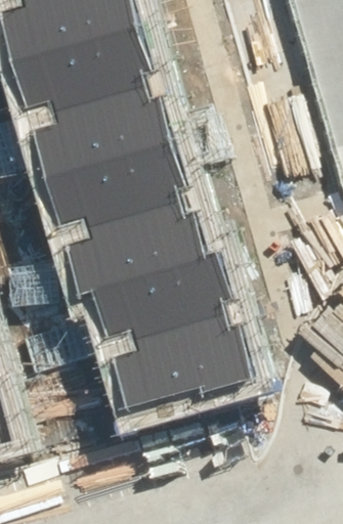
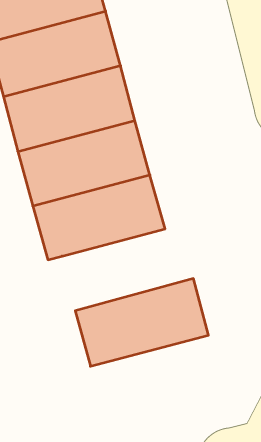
building: [94,262,237,355] -> none

